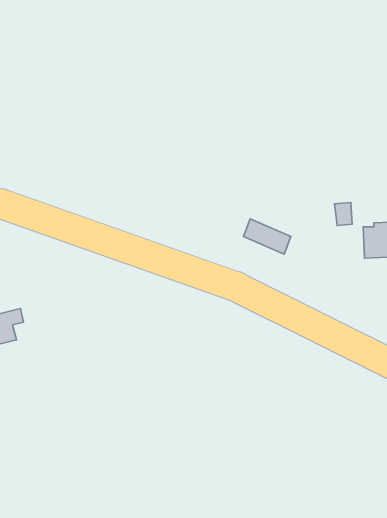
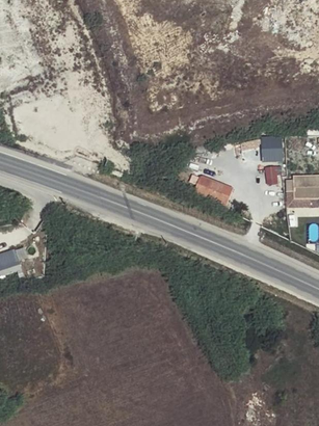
building: none -> [262,135,283,162]

